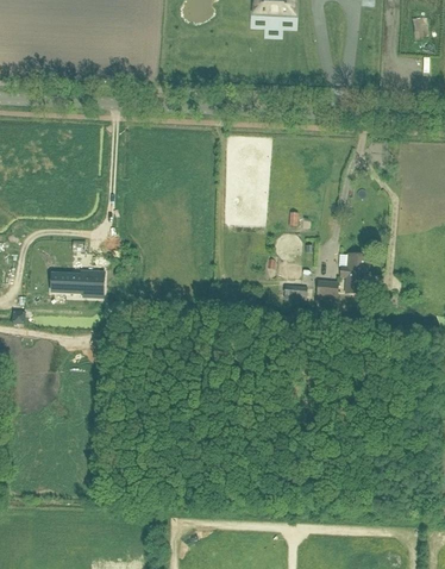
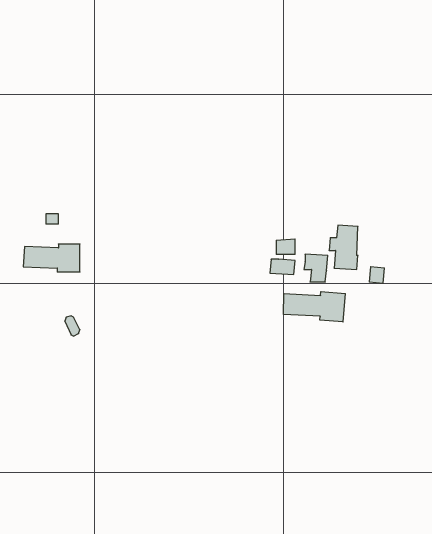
building: none -> [284,292,345,322]

